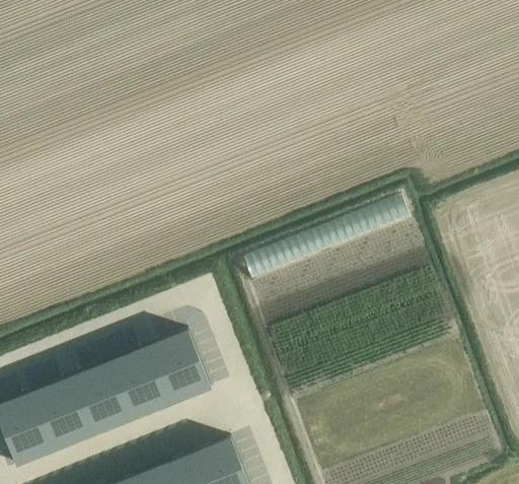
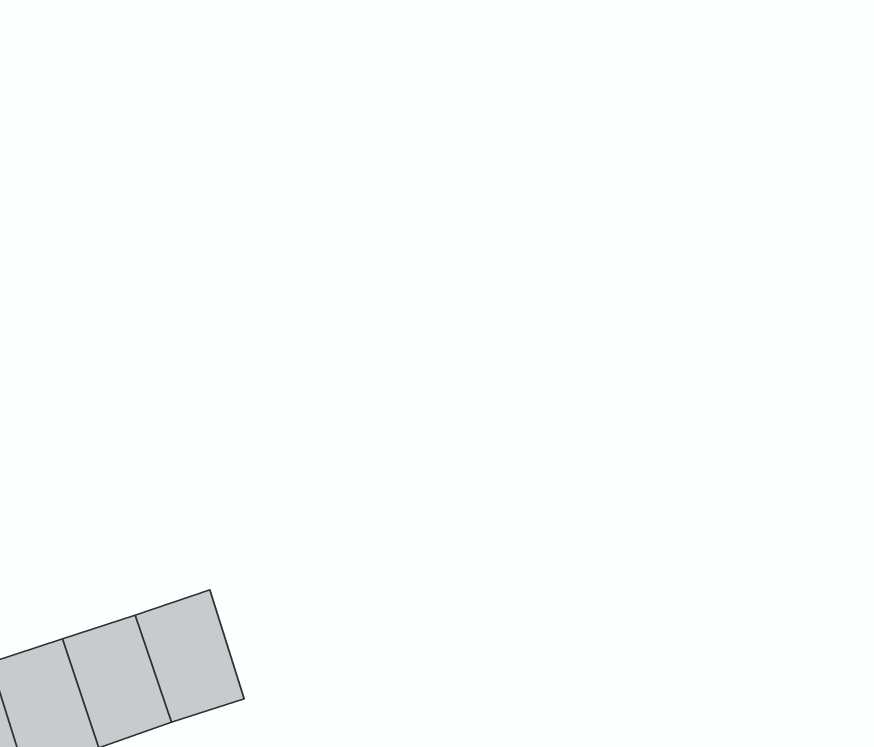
building: [149,332,211,405] -> none

